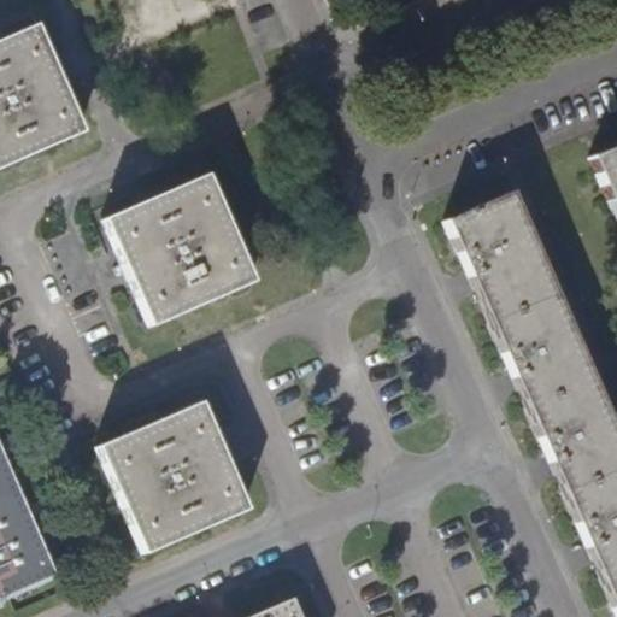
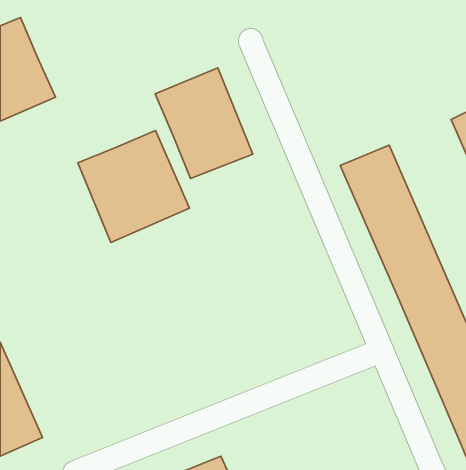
building: none -> [155,68,253,178]
building: [100,402,246,548] -> none

